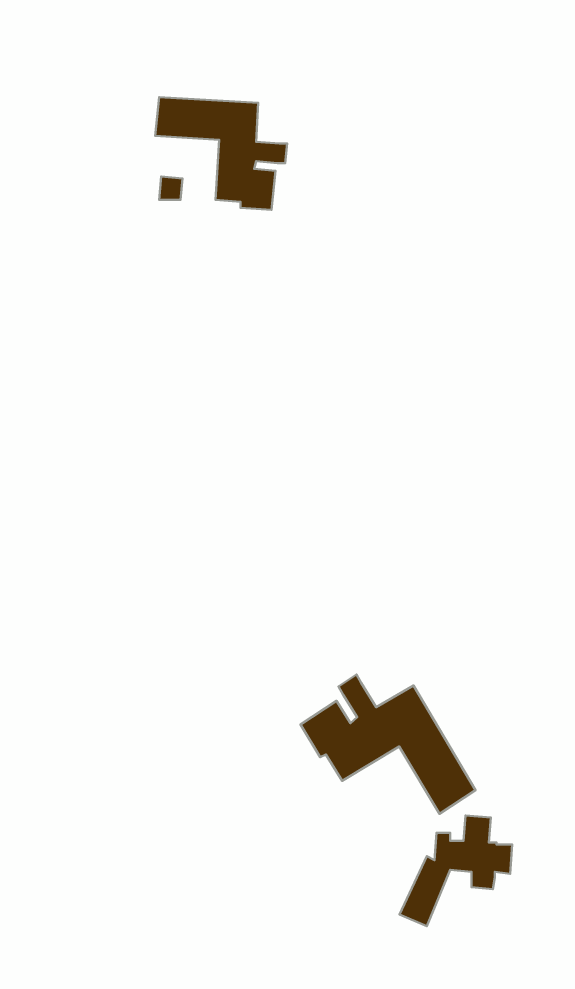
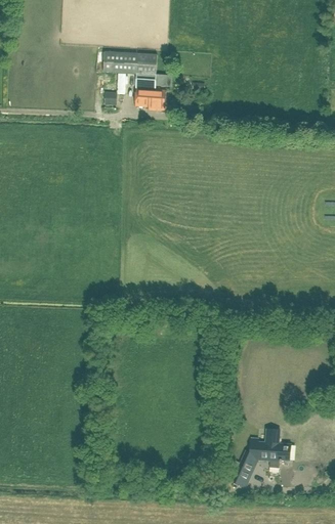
building: [300,675,476,814] -> none

